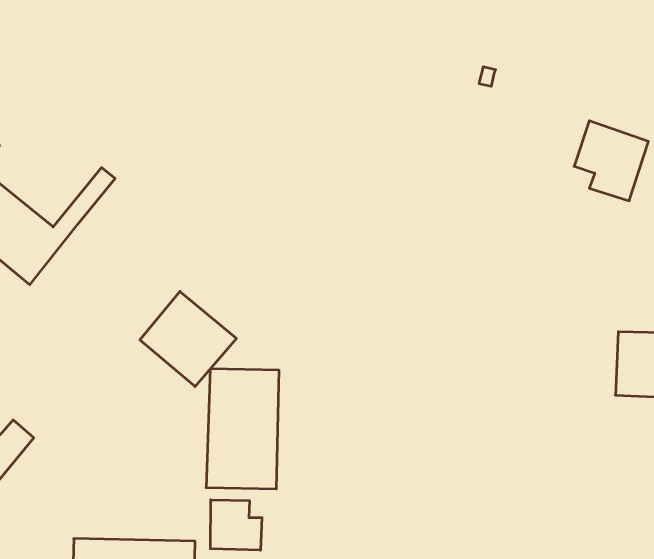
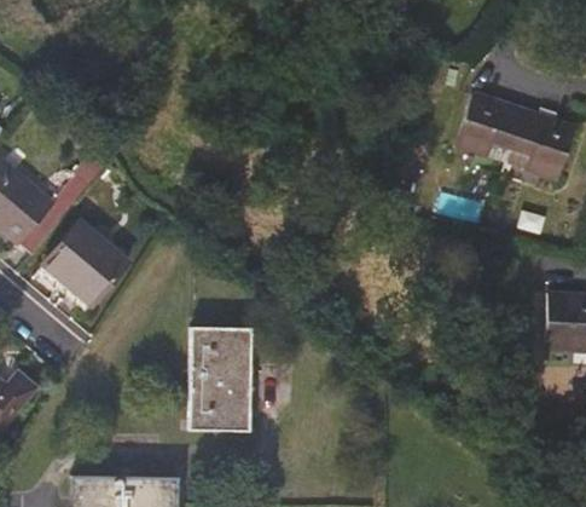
building: none -> [454,92,523,156]
building: [140,291,236,387] -> [43,221,128,305]
building: [210,500,262,550] -> none

